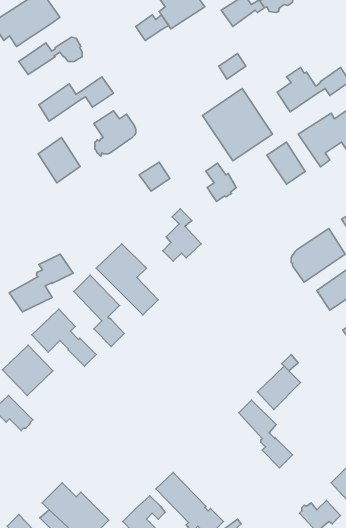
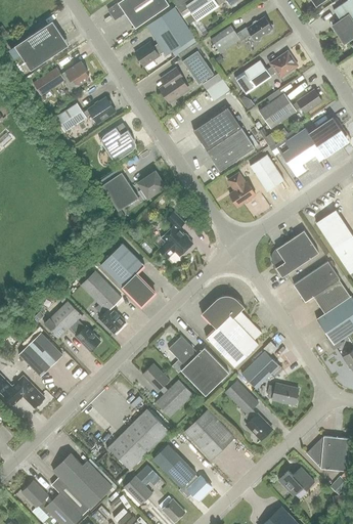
building: none -> [182,50,214,84]
building: none -> [234,51,298,94]
building: none -> [160,69,190,103]
building: [38,137,80,183] -> [101,172,138,212]
building: [206,163,236,202] -> [228,173,255,207]
building: [9,254,73,312] -> none
building: none -> [202,293,261,367]
building: none -> [168,335,229,396]
building: none -> [142,363,192,417]
building: none -> [267,384,299,405]
building: none -> [107,408,169,470]
building: none -> [184,408,234,460]

